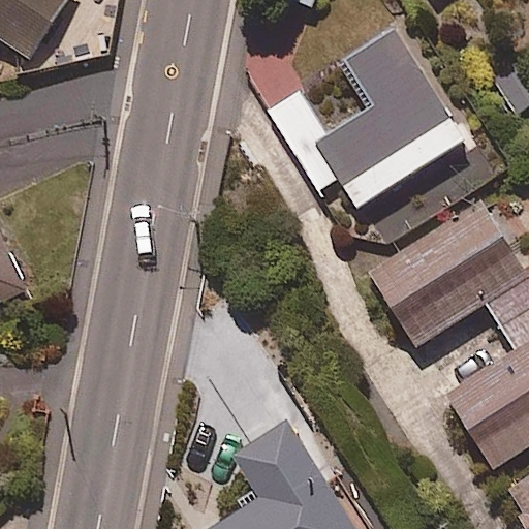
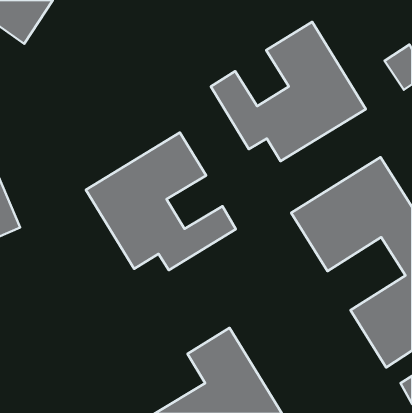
building: none -> [86,132,236,270]

